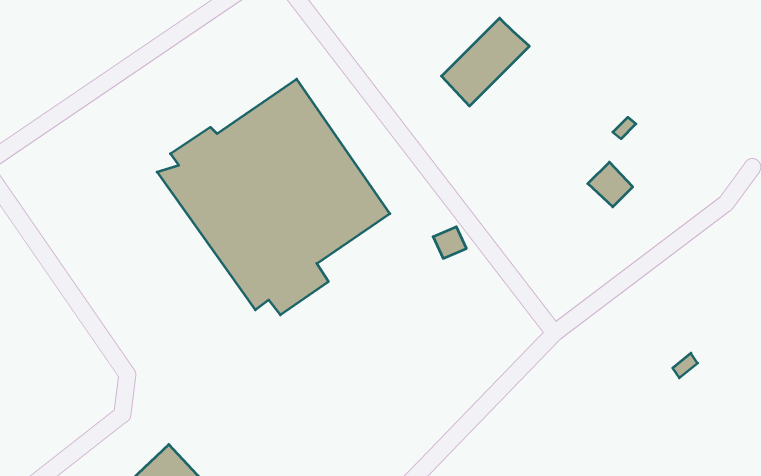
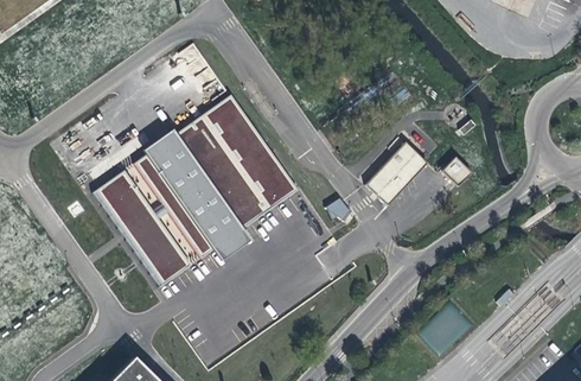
building: [441,18,529,106] -> [364,144,427,207]
building: none -> [94,173,187,285]

